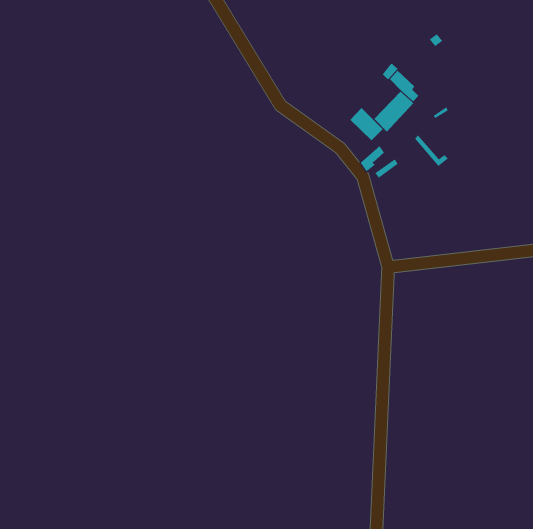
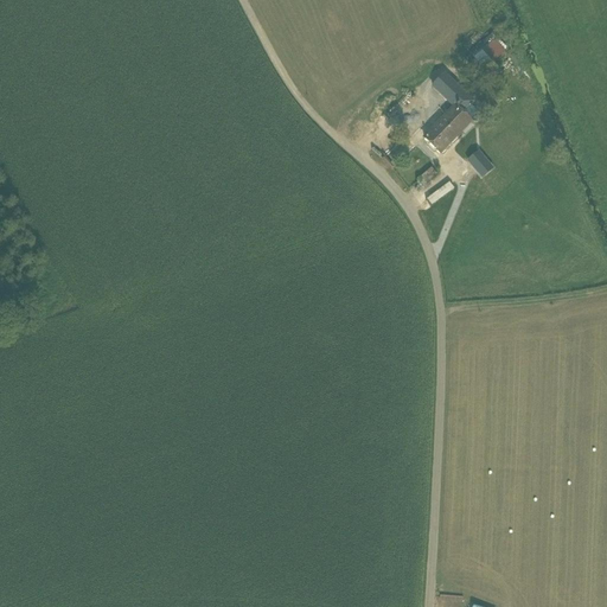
building: [350,107,384,141] -> none

